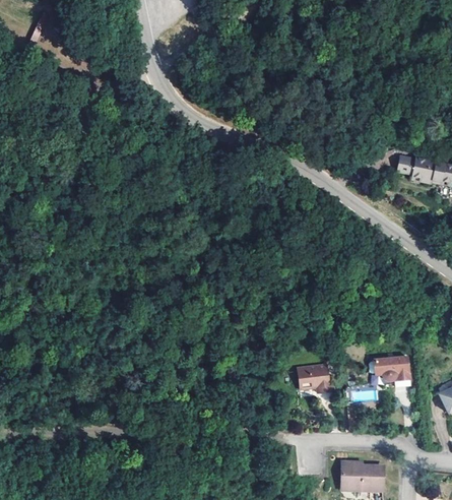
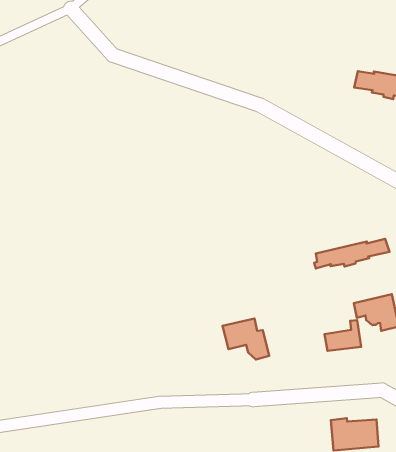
building: none -> [314,239,389,269]
building: [297,364,335,400] -> [222,319,269,360]

